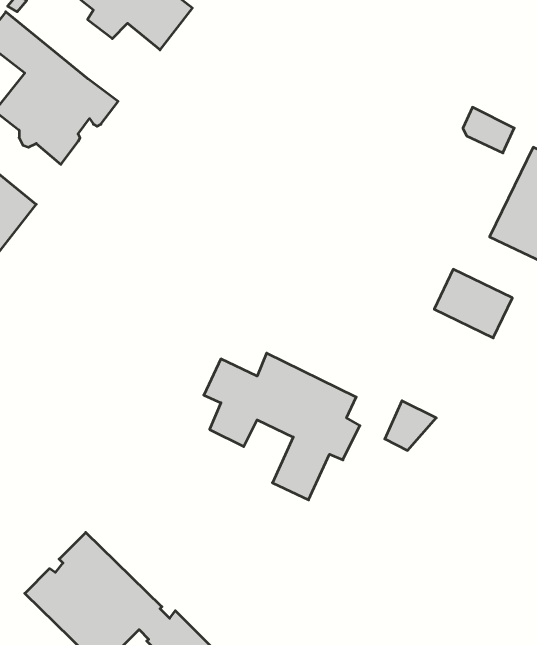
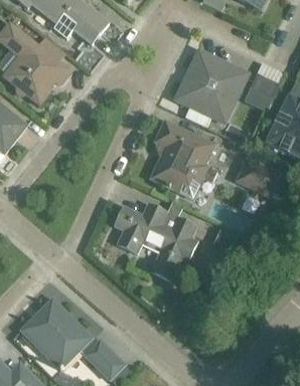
building: none -> [177,51,247,121]
building: none -> [154,121,216,198]

